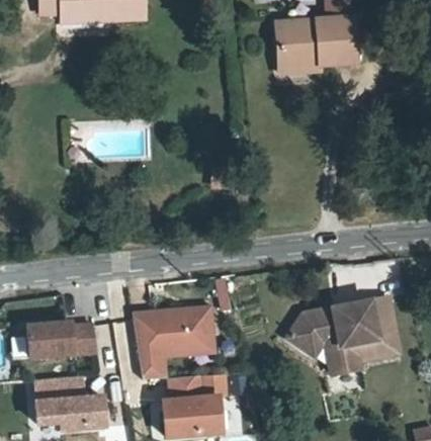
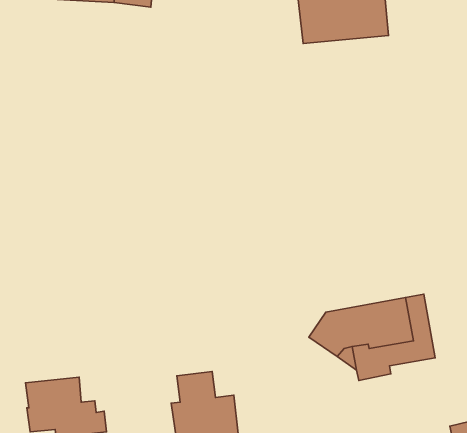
building: [132,300,211,375] -> none
building: [26,320,97,355] -> none

